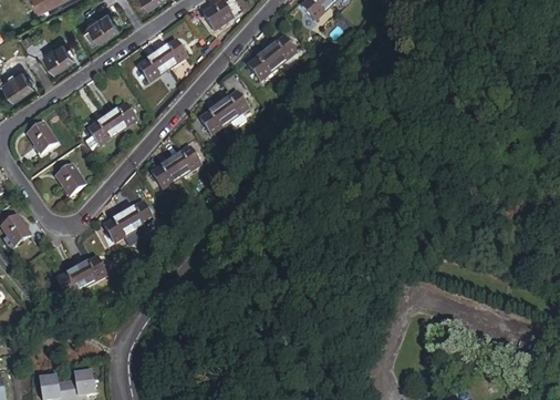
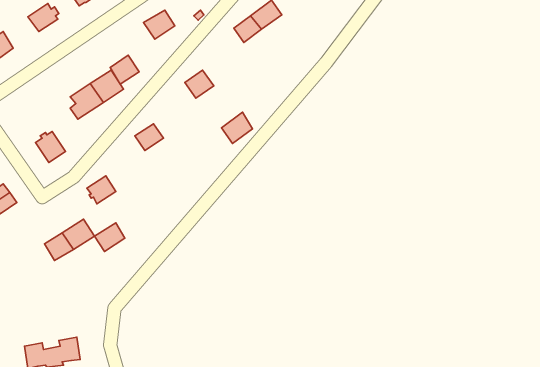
building: [142,55,170,84] -> [110,55,139,84]
building: [218,88,249,119] -> [221,112,253,143]
building: [29,124,58,154] -> none
building: [169,142,199,171] -> none
building: [122,195,152,224] -> [95,223,125,252]

